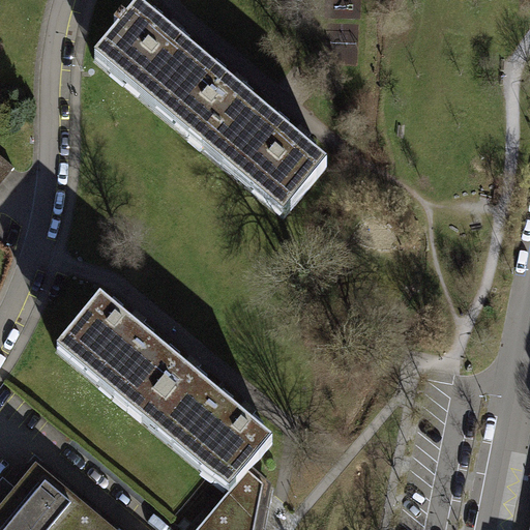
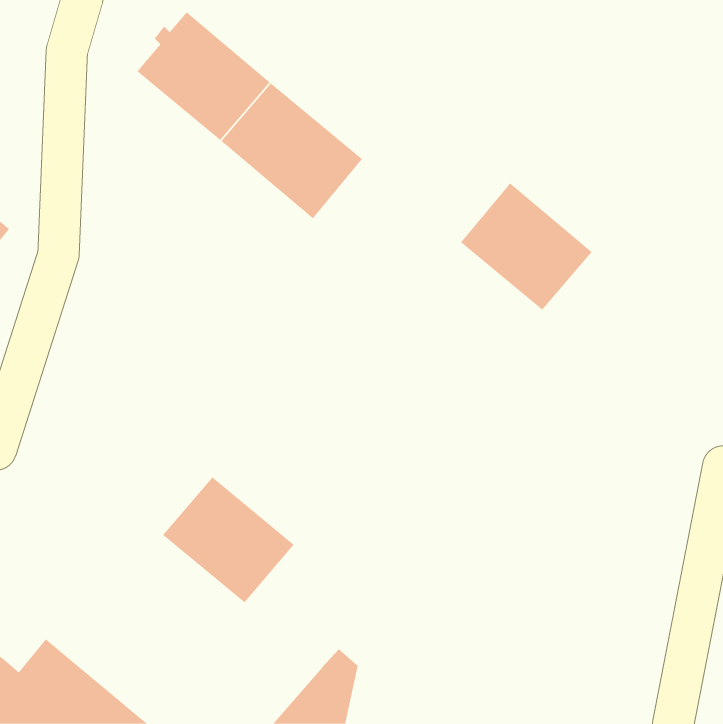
building: [228,116,324,209] -> [460,183,592,311]
building: [61,299,154,389] -> none
building: [178,396,270,485] -> none

